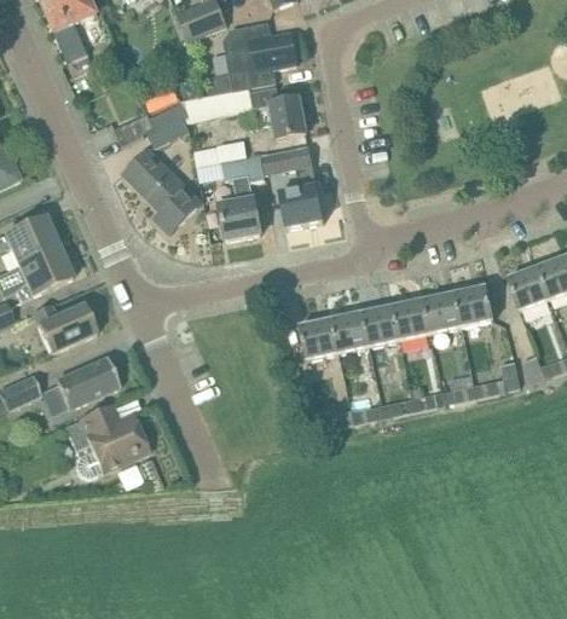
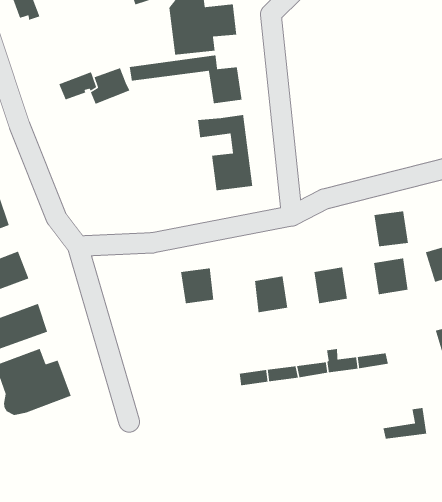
building: [192,139,264,239] -> none
building: [122,147,199,232] -> none
building: [422,293,461,332] -> [374,211,409,247]
building: [360,306,399,346] -> none
building: [299,319,336,359] -> [180,268,214,304]
building: [473,361,520,398] -> [383,407,427,440]

